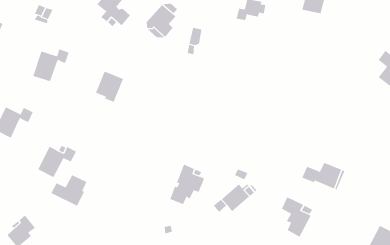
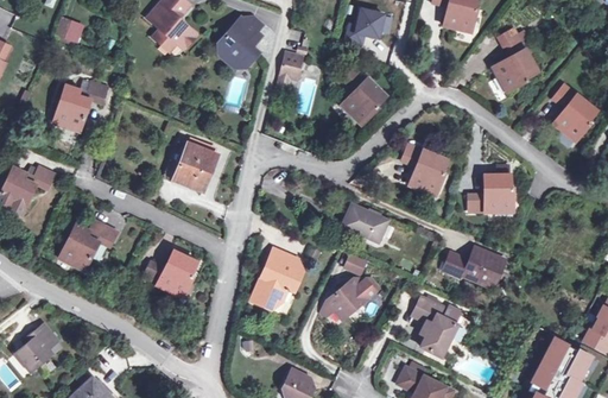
building: none -> [493,36,538,91]
building: none -> [341,68,386,125]
building: [95,71,124,103] -> [175,144,216,190]
building: none -> [403,145,446,195]
building: none -> [469,173,513,211]
building: none -> [343,204,387,241]
building: [50,174,87,206] -> [144,249,197,296]

